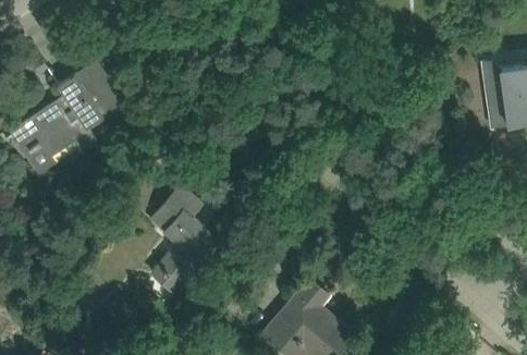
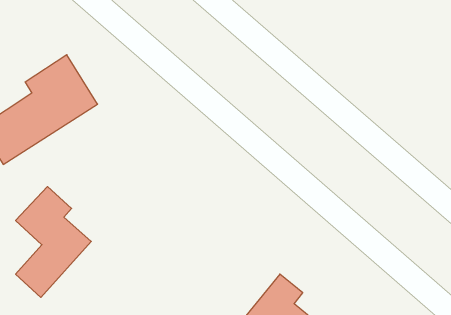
building: [148,185,223,295] -> [16,187,91,297]

